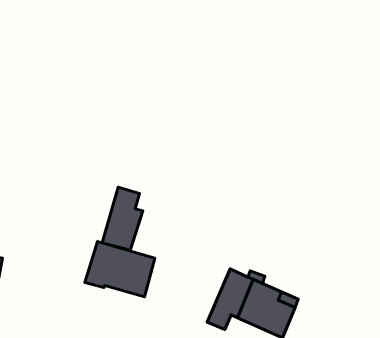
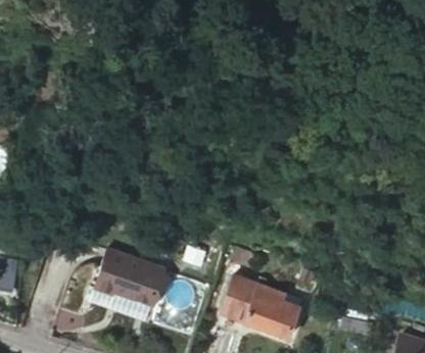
building: [102,187,143,251] -> none

